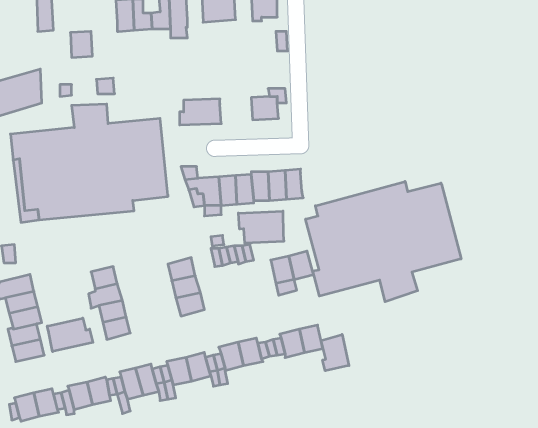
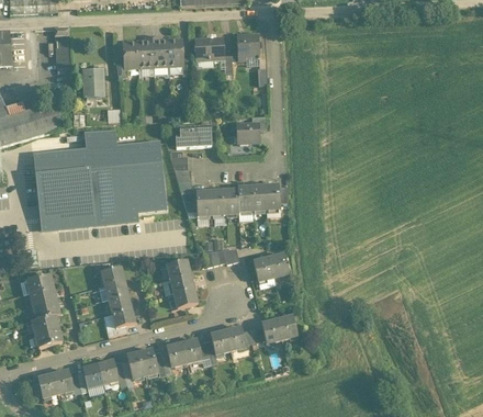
building: [306,181,461,302] -> none
building: [238,211,284,243] -> none
building: [47,318,93,352] -> none
building: [321,334,349,371] -> none

